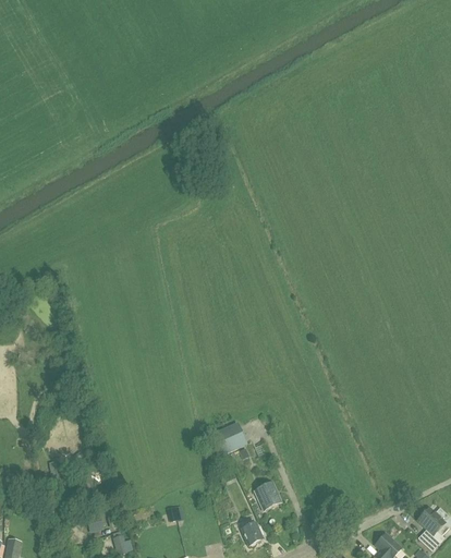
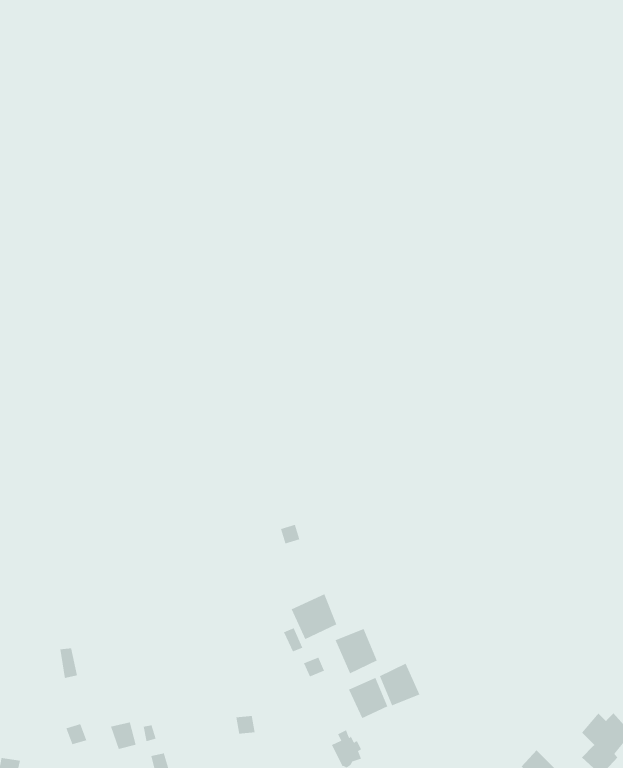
building: none -> [335,628,378,674]
building: none -> [379,663,420,706]

